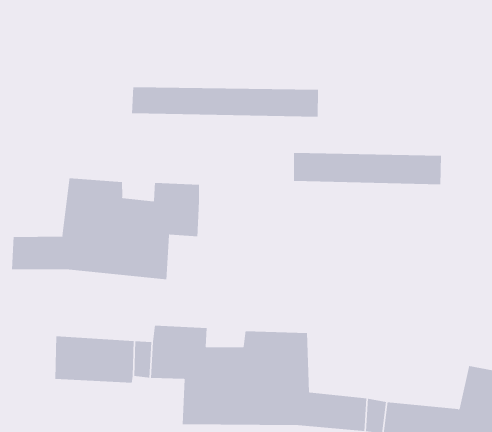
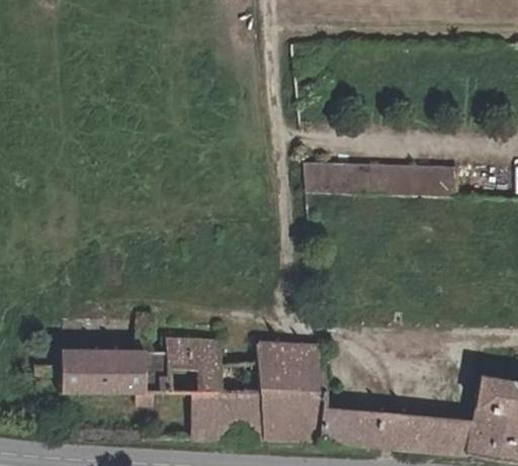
building: [132,86,318,118] -> none
building: [12,178,200,280] -> none

